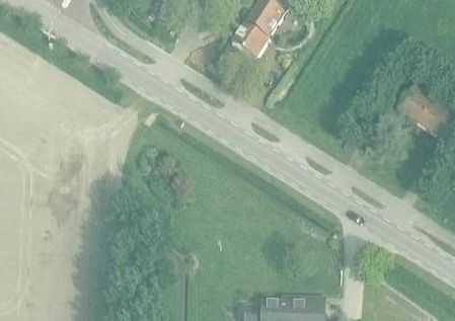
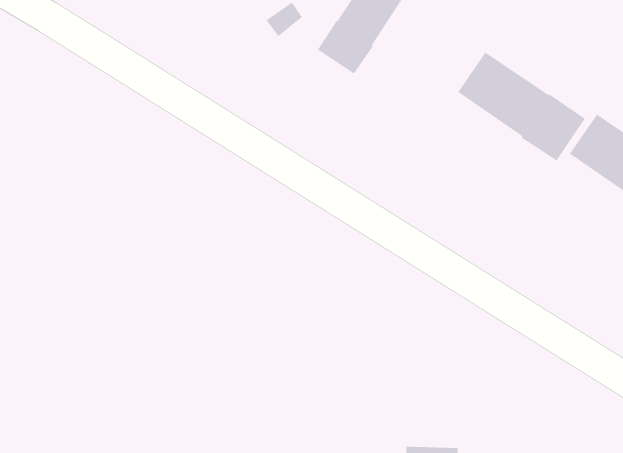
building: none -> [457,51,586,162]

